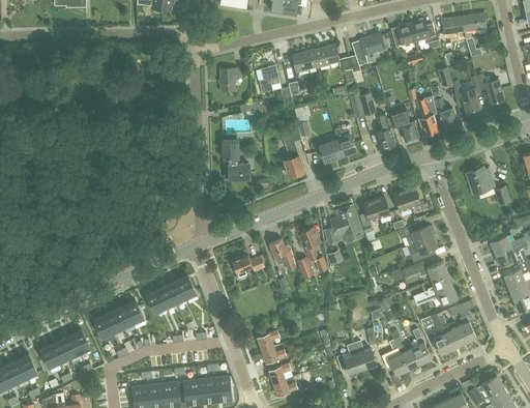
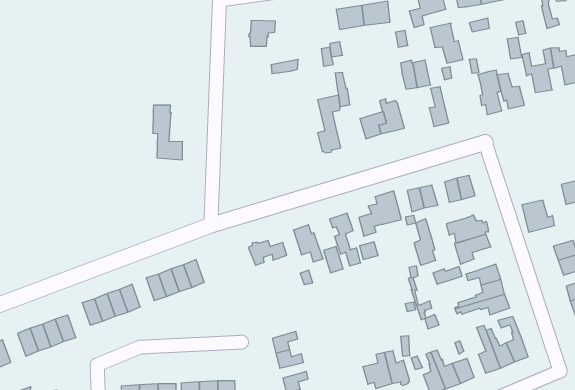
building: [259,65,281,93] -> none
building: [389,107,419,141] -> [430,23,463,63]
building: [223,134,251,179] -> [153,105,183,160]
building: [466,167,495,195] -> [522,200,555,232]
building: none -> [414,219,436,265]

